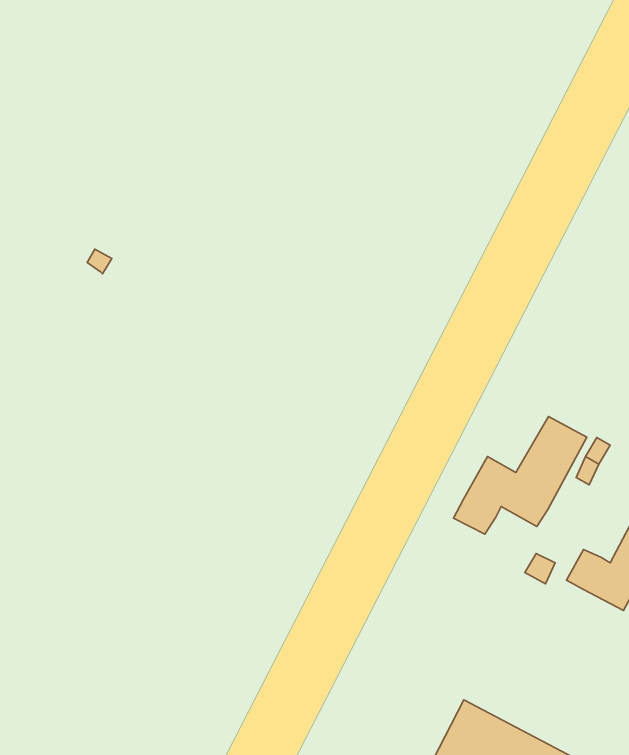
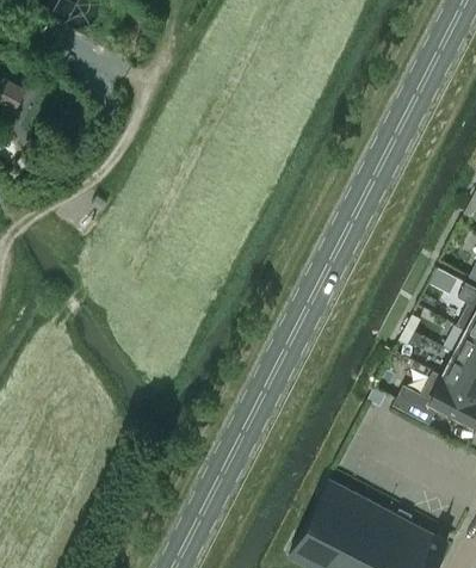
building: [454,417,587,534] -> none

